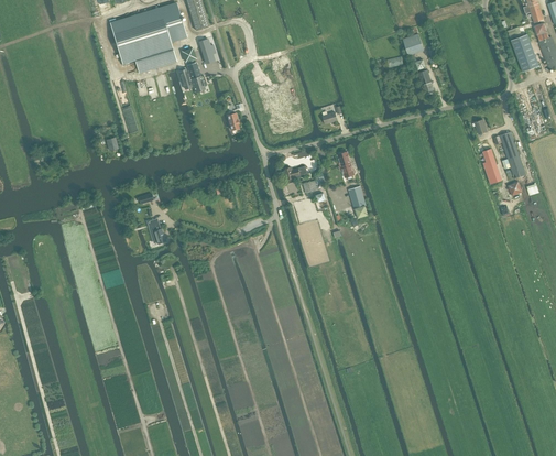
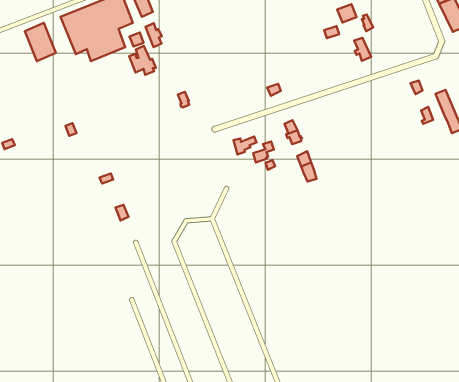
building: none -> [25,23,56,61]

